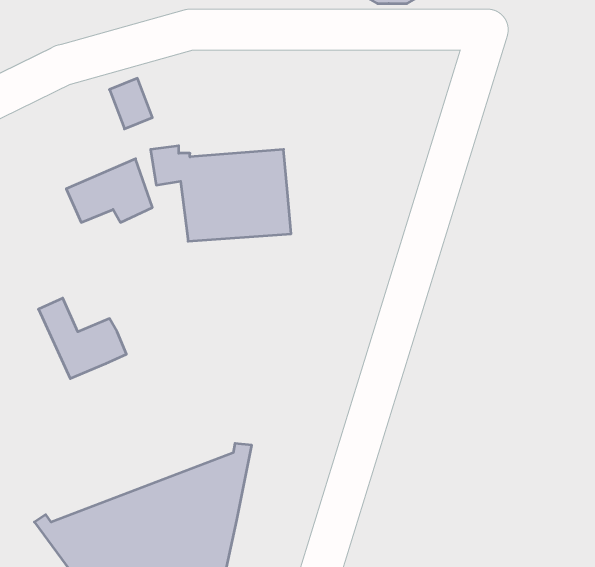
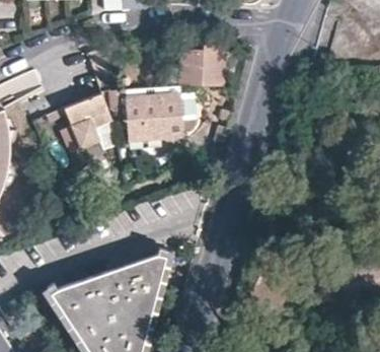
building: none -> [178,45,221,84]
building: [38,298,126,379] -> [51,111,98,154]

